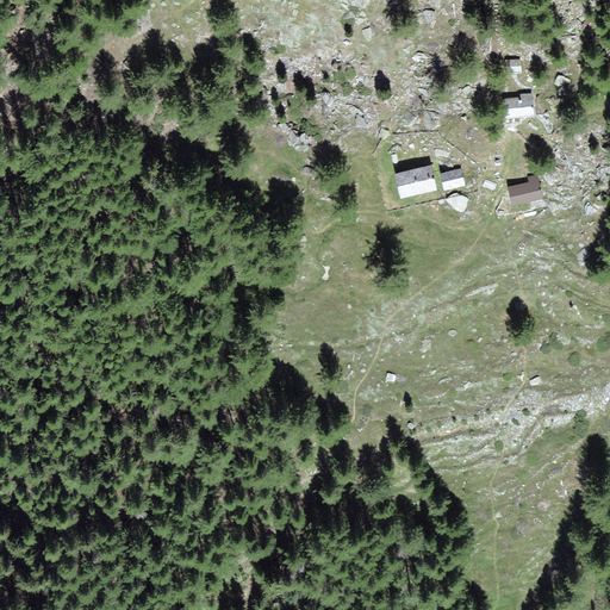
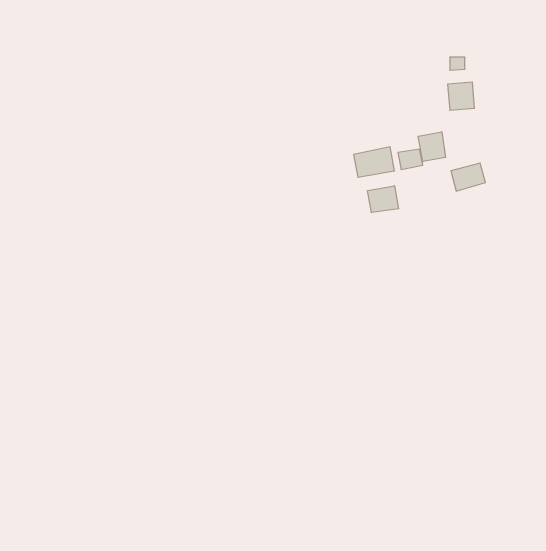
building: none -> [418,132,445,162]
building: none -> [368,186,399,213]

